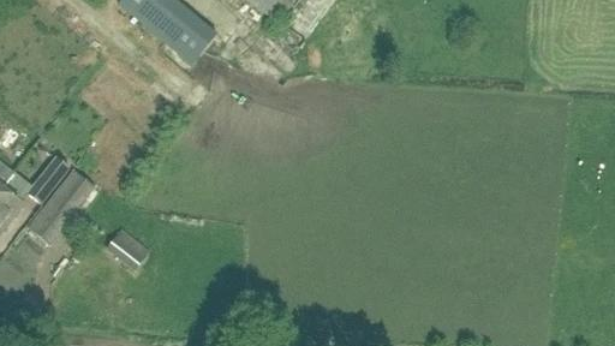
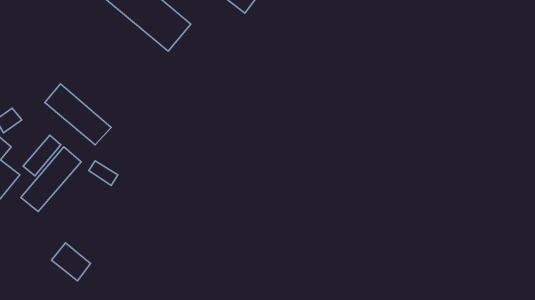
building: none -> [45,84,111,145]
building: [105,226,148,268] -> [52,243,90,281]

